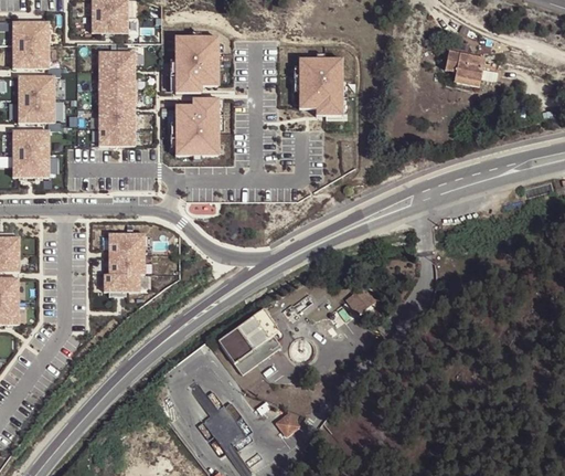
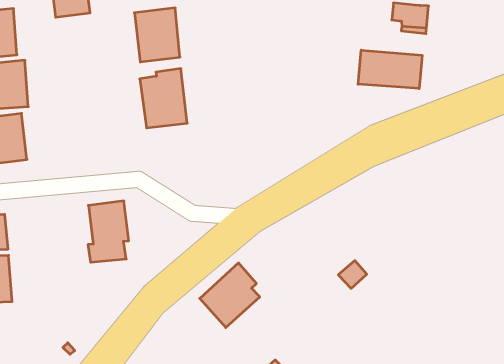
building: [98,50,138,145] -> none
building: [299,56,343,113] -> none
building: none -> [358,50,422,89]
building: [344,285,374,314] -> [338,261,367,288]

